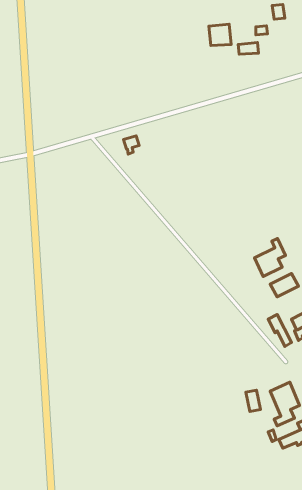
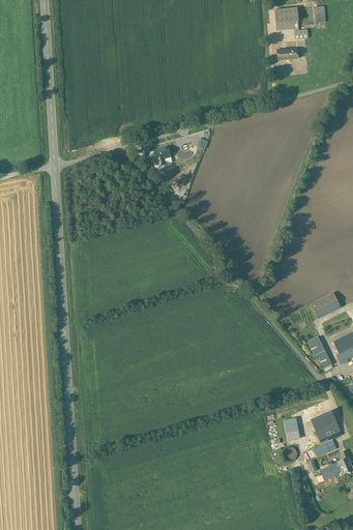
building: [209,24,231,46] -> [273,6,297,29]
building: [254,239,285,277] -> none

